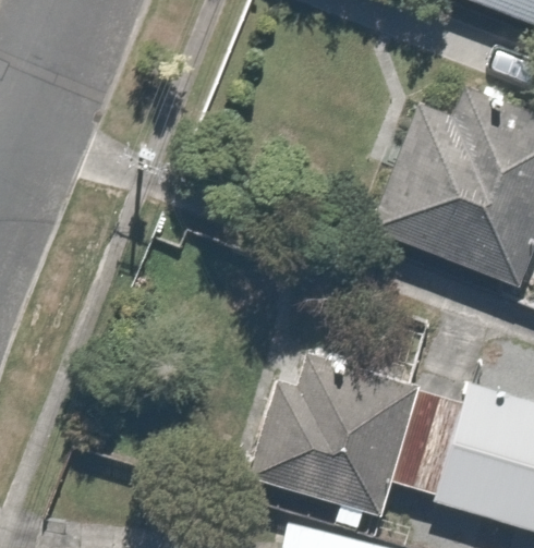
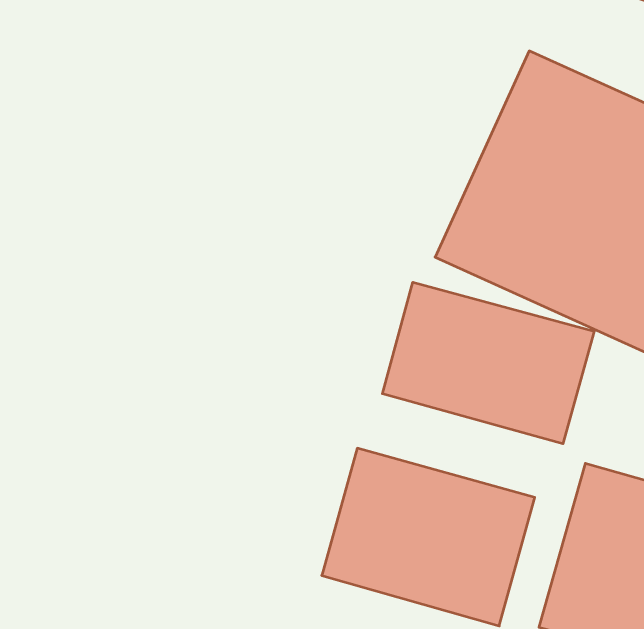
building: none -> [382,282,594,444]

